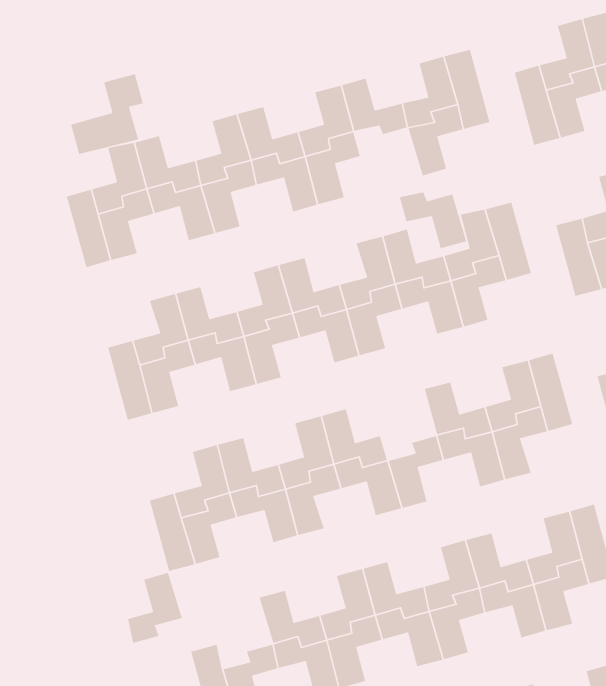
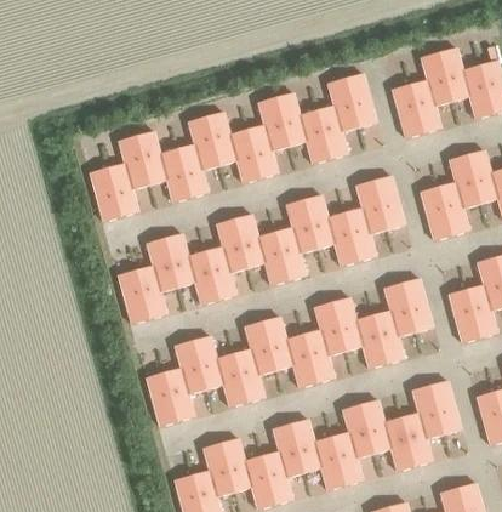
building: [70,73,144,155] -> none
building: [399,192,467,249] -> [284,125,330,164]
building: none -> [302,302,340,351]
building: [127,572,183,644] -> [192,443,229,491]

